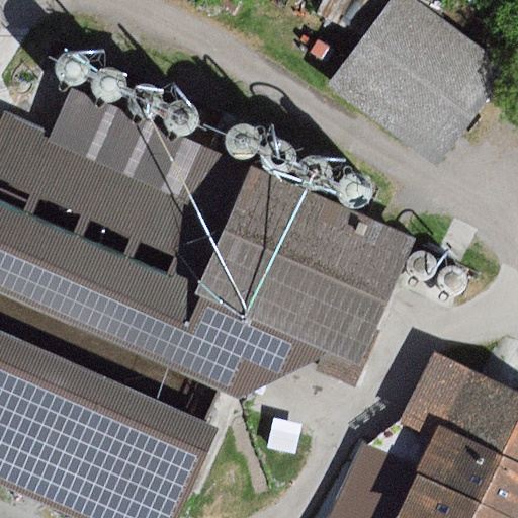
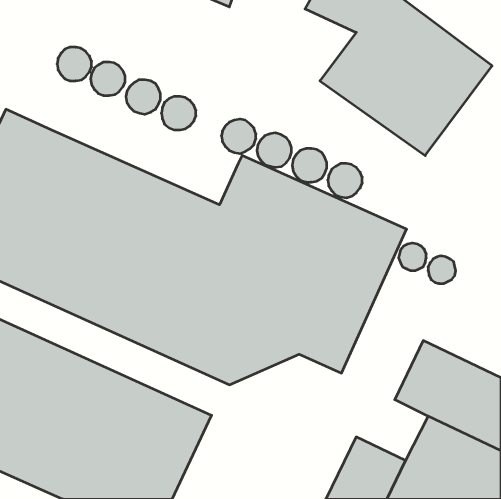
building: [53,91,245,210] -> none

